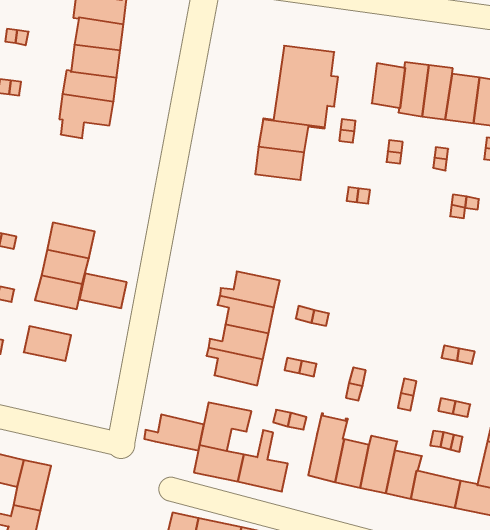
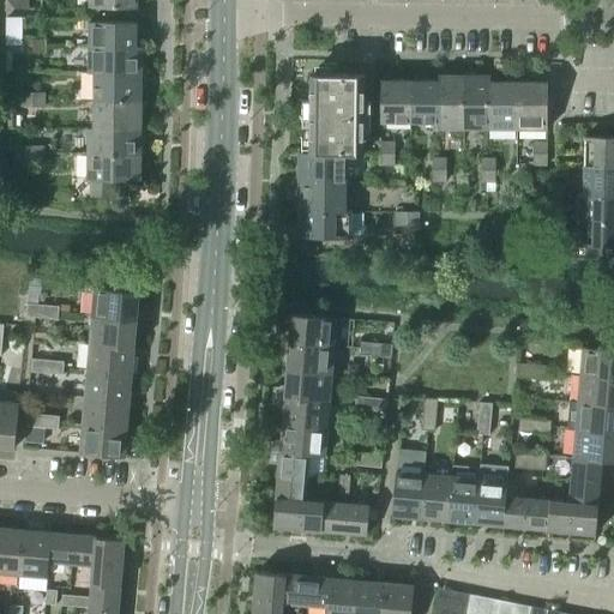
building: none -> [380,80,409,122]
building: none -> [297,211,351,237]
building: [79,273,127,308] -> [84,371,131,402]
building: none -> [79,426,126,458]
building: [144,414,204,451] -> [267,425,327,457]

